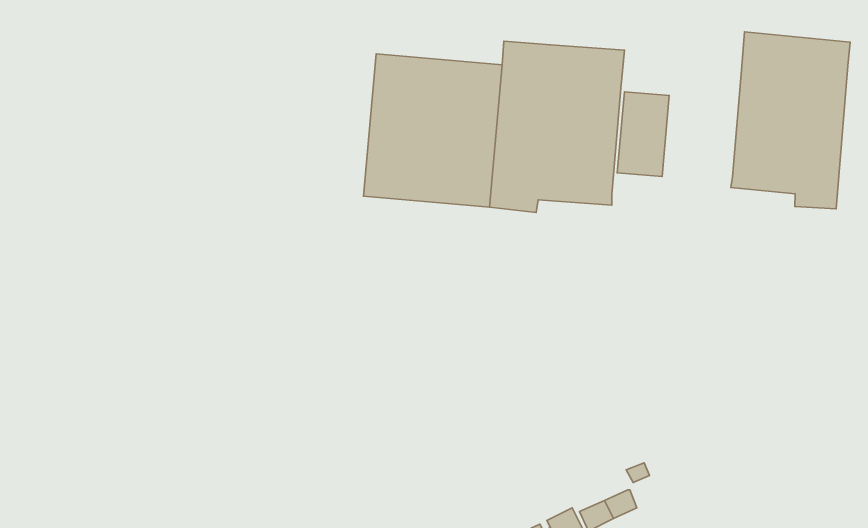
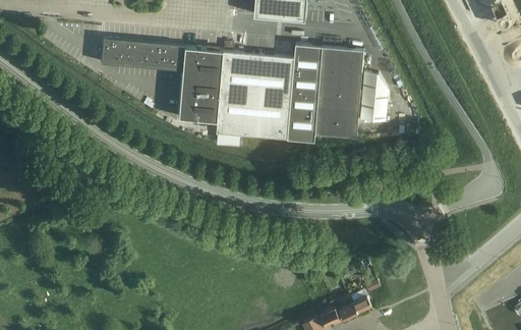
building: none -> [100,36,223,116]
building: [731,32,850,209] -> none

